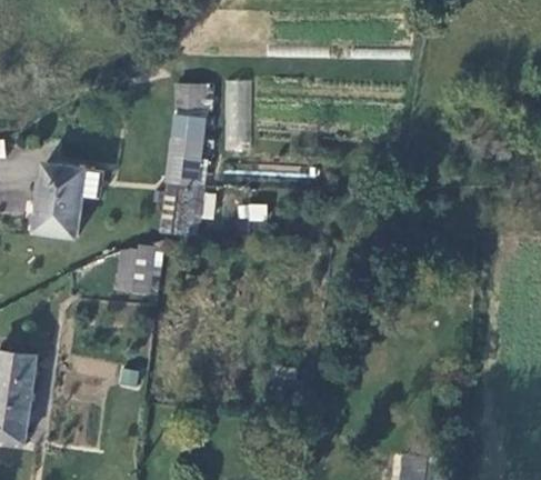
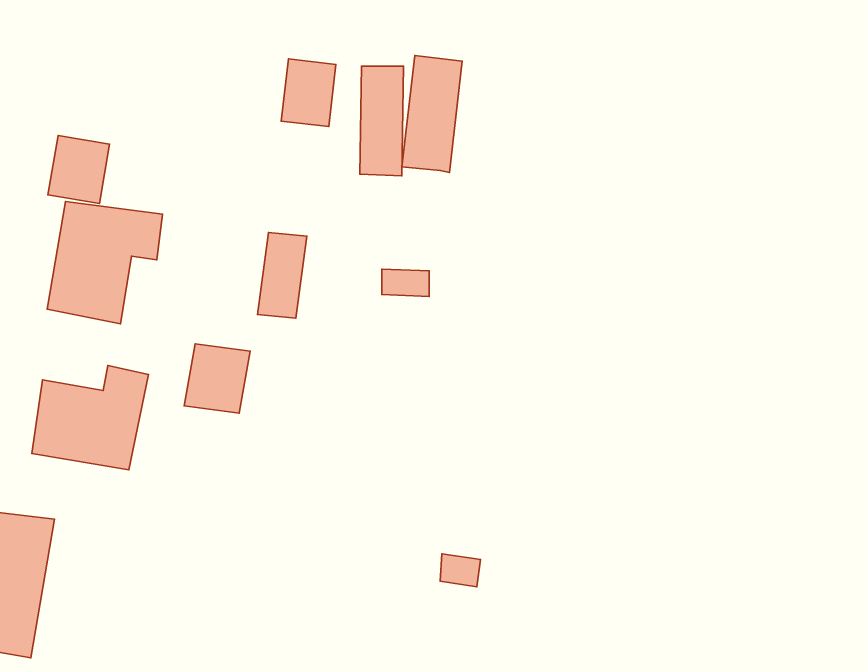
building: [168,114,204,186] -> [402,56,462,172]
building: none -> [48,135,109,203]
building: none -> [32,365,148,470]

